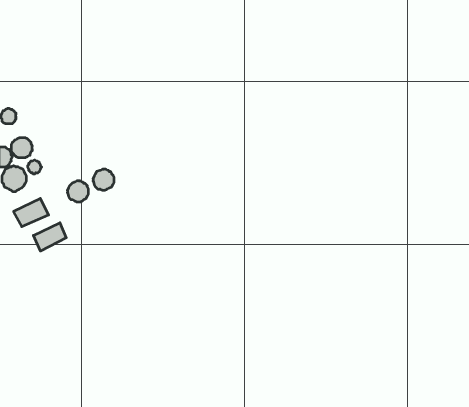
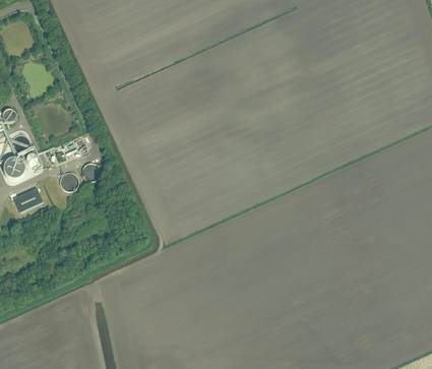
building: [33,223,66,251] -> none

